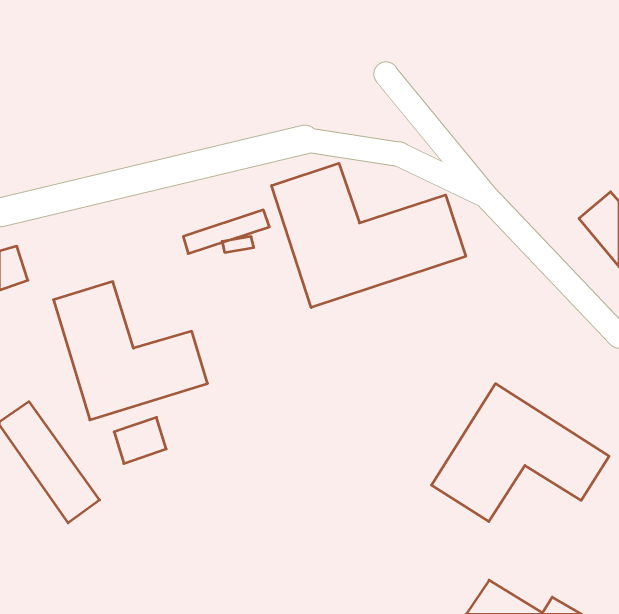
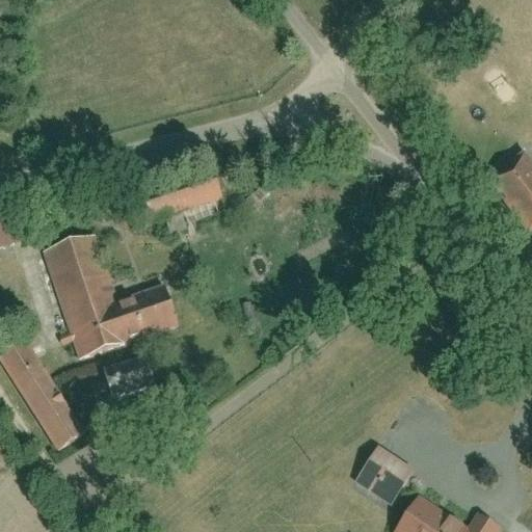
building: [272,163,466,308] -> none
building: [431,384,609,522] -> none
building: none -> [354,446,409,500]

